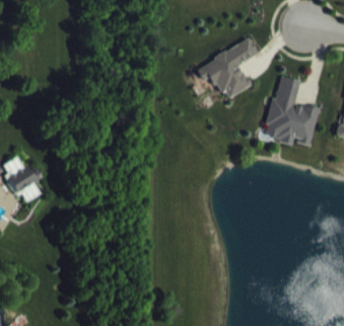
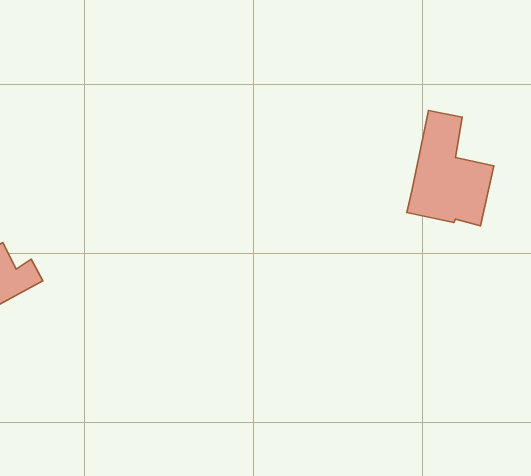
building: [195,37,258,98] -> none

